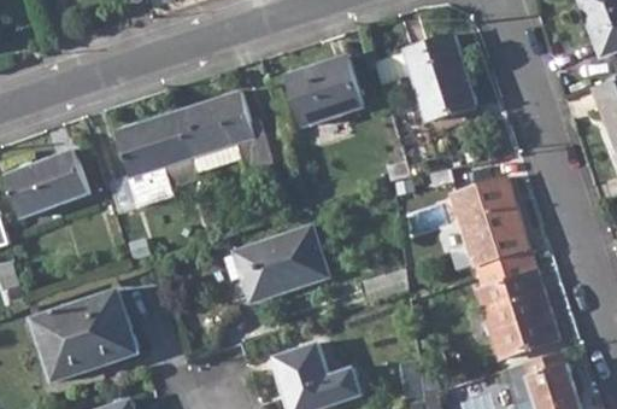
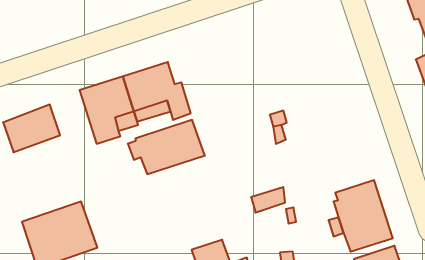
building: [404,34,475,119] -> none
building: [288,55,363,123] -> none
building: [451,175,533,275] -> none
building: [221,224,330,302] -> [128,120,205,174]

